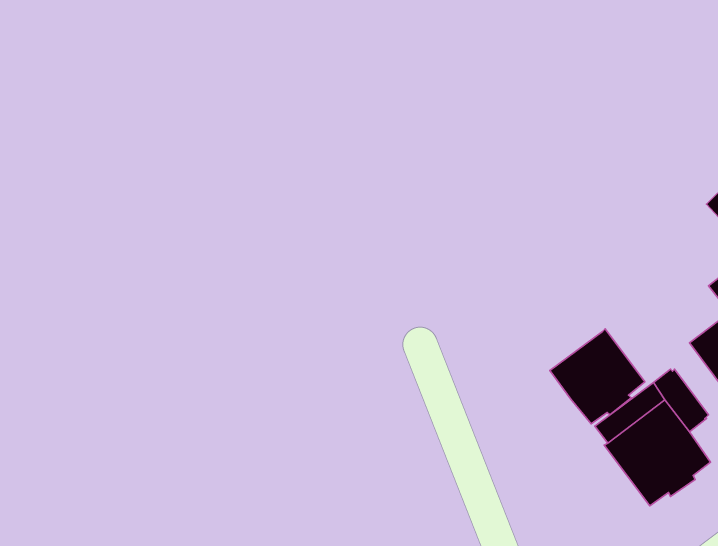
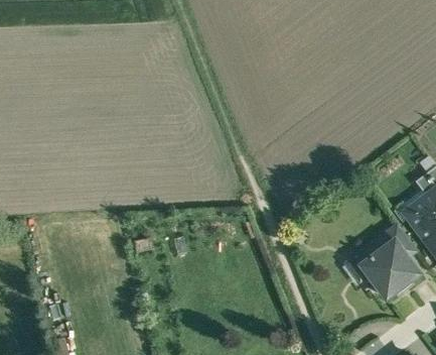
building: [550,329,645,424] -> none

